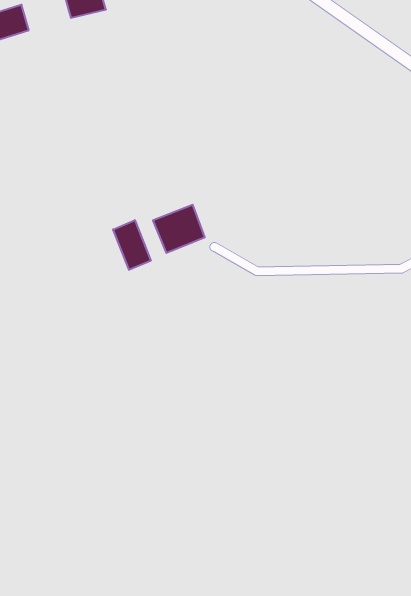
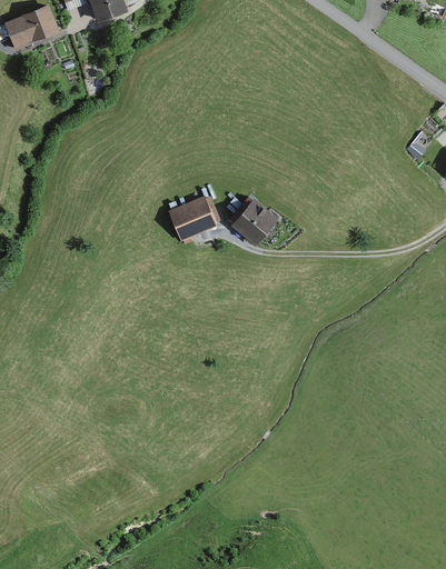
building: none -> [231,197,278,242]
building: [113,220,151,270] -> none

